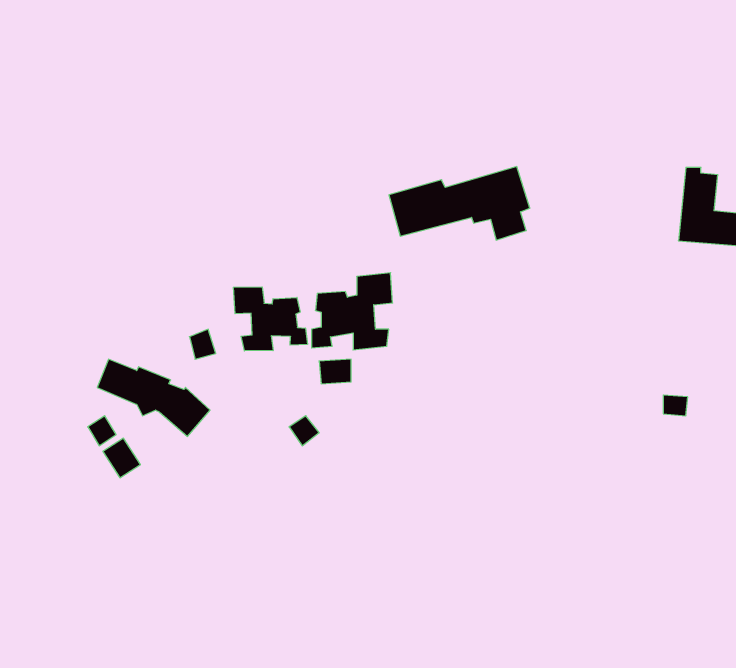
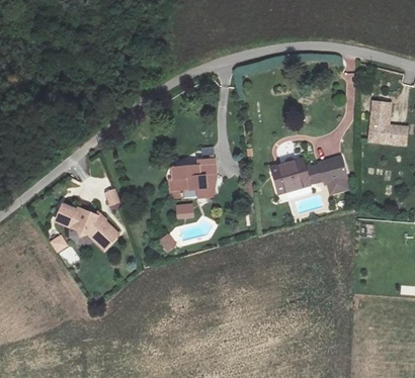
building: [389,167,530,240] -> [272,154,348,193]
building: [233,287,307,351] -> none

